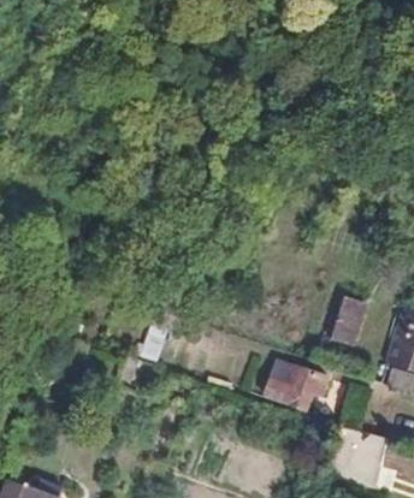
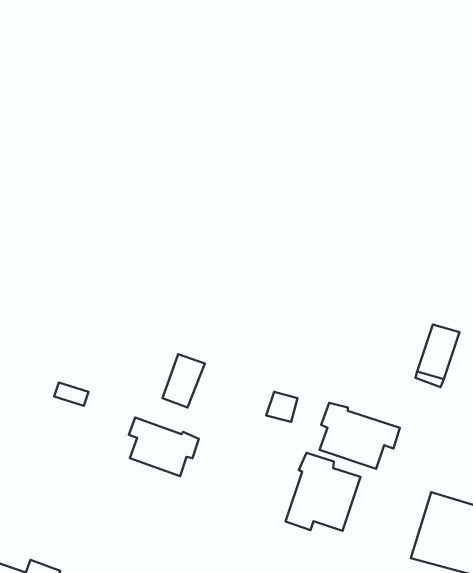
building: none -> [129,418,199,476]
building: none -> [286,453,361,531]

